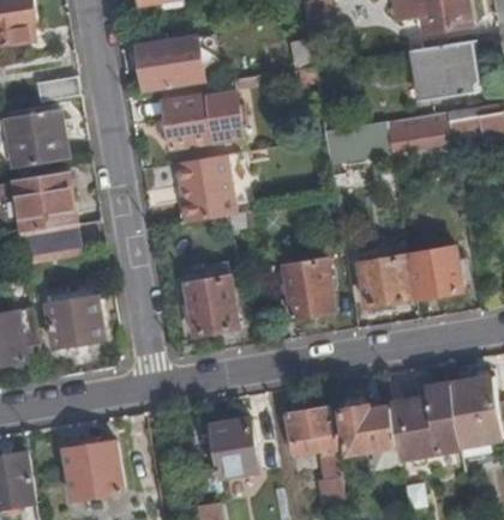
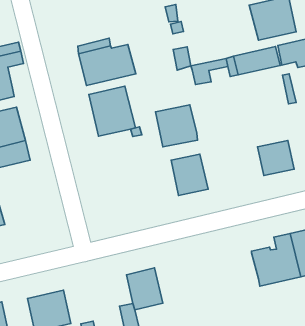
building: [137,37,205,90] -> none
building: none -> [155,105,197,147]
building: [361,256,410,303] -> none
building: [185,272,238,333] -> none
building: [46,288,103,344] -> none
building: [340,398,398,452] -> none
building: [284,407,343,502] -> none

